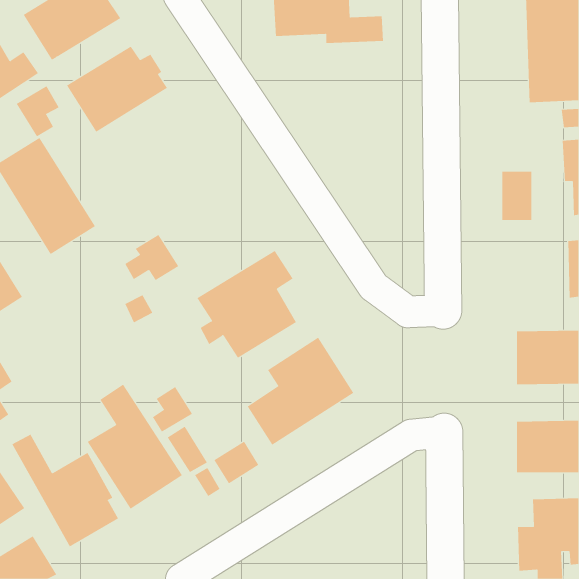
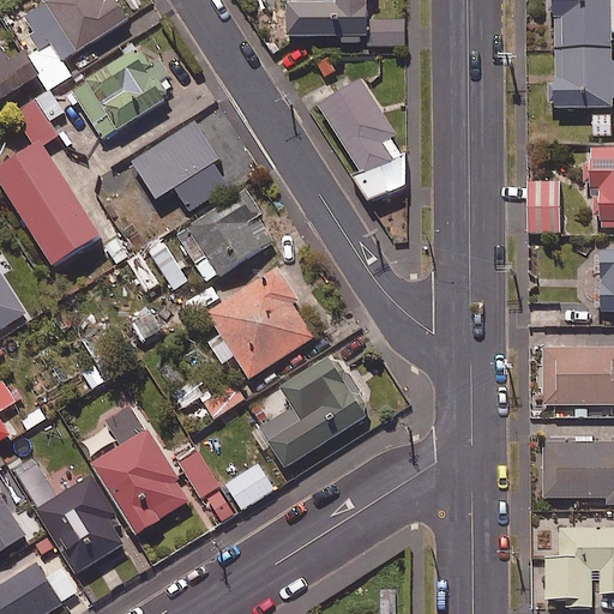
building: none -> [319,79,405,203]
building: none -> [124,116,237,223]
building: none -> [175,187,272,283]
building: [152,386,193,433] -> none

